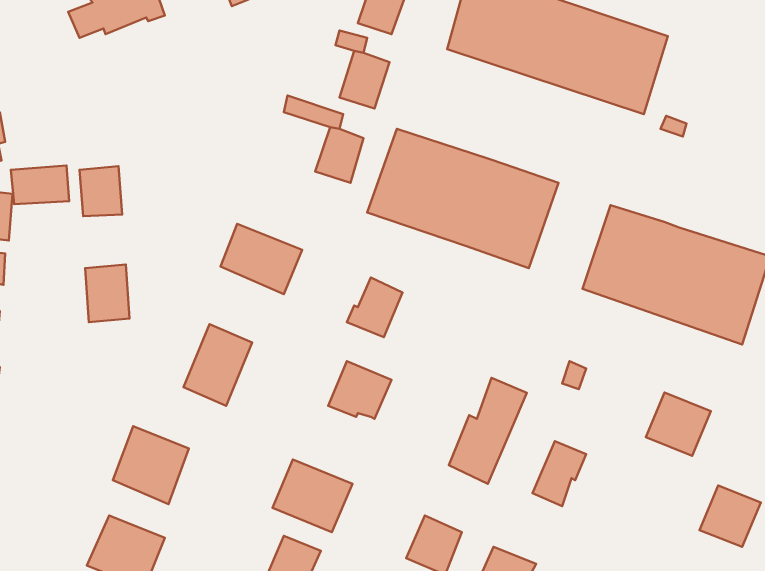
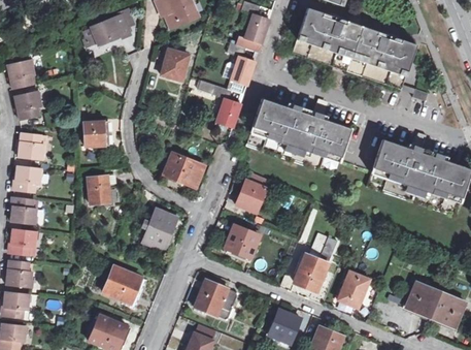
building: none -> [160,45,192,81]
building: [11,166,69,204] -> none
building: [646,393,711,456] -> [403,285,439,320]

